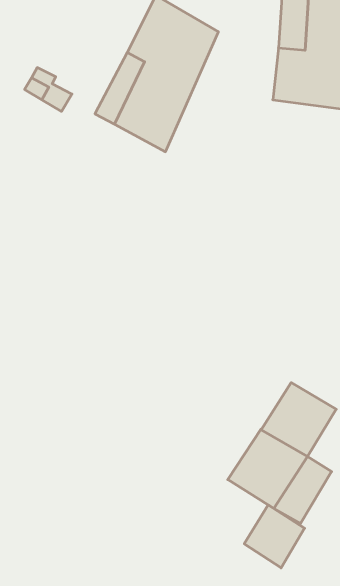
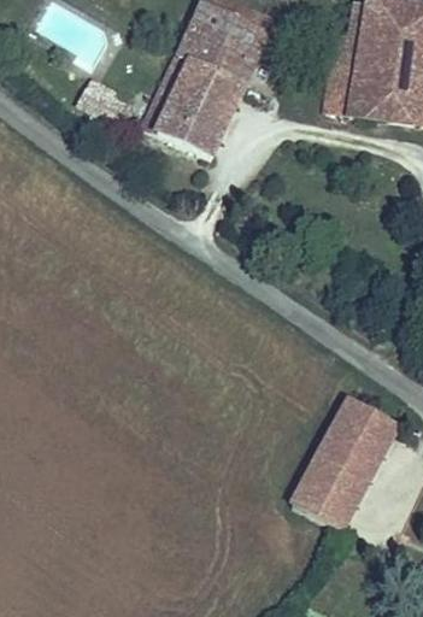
building: [244,505,305,568] -> none

